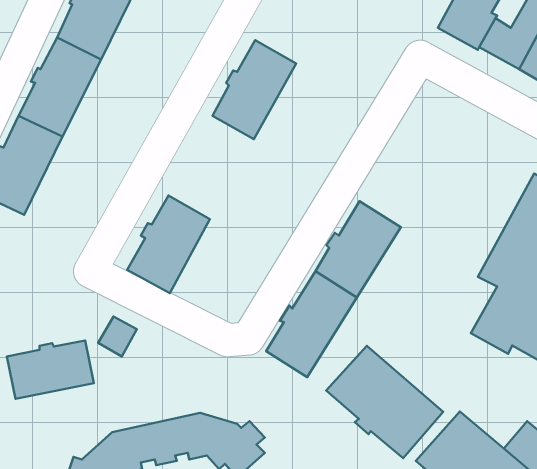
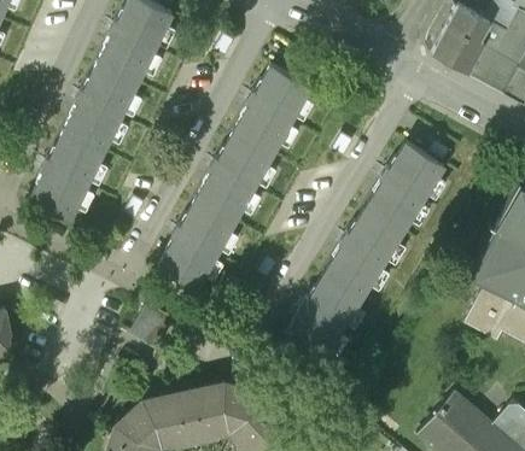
building: none -> [197,134,272,224]
building: none -> [364,147,439,232]
building: [7,341,94,399] -> none
building: [326,346,443,458] -> none

